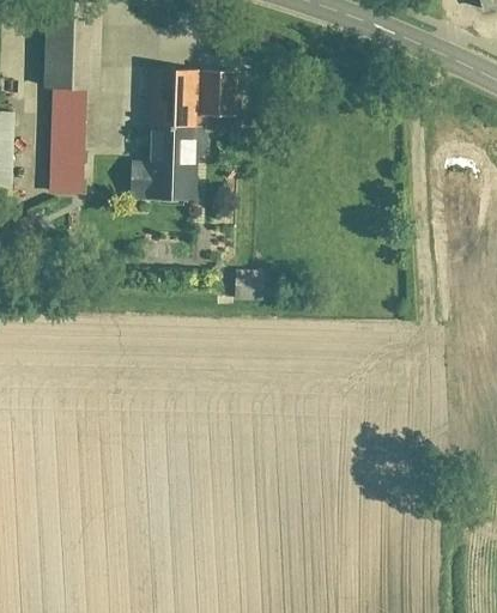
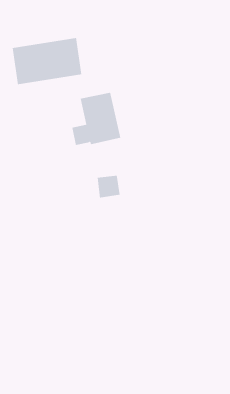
building: [128,129,196,200] -> [72,92,121,145]

